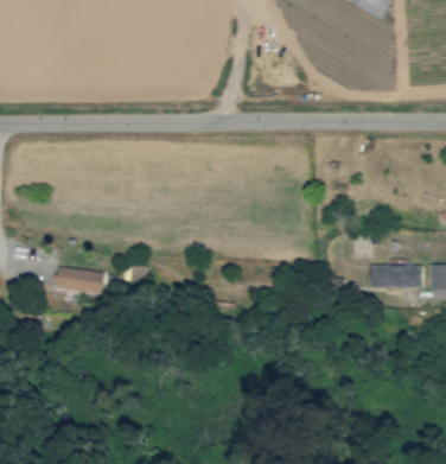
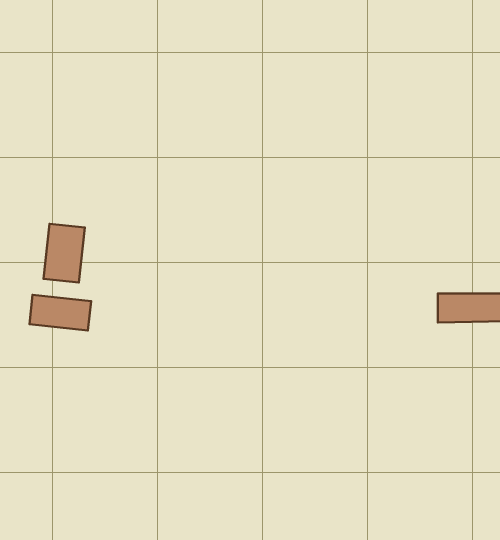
building: none -> [44,224,85,282]

